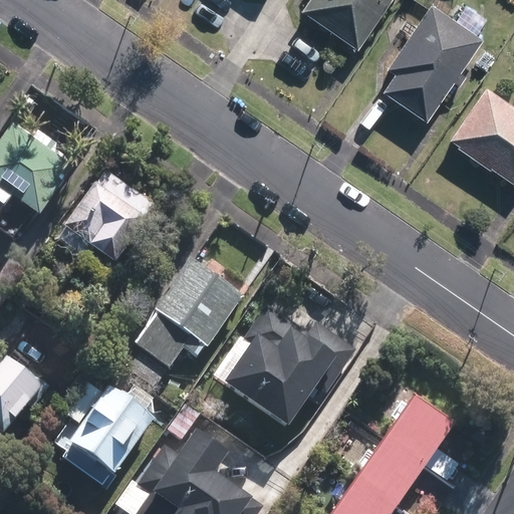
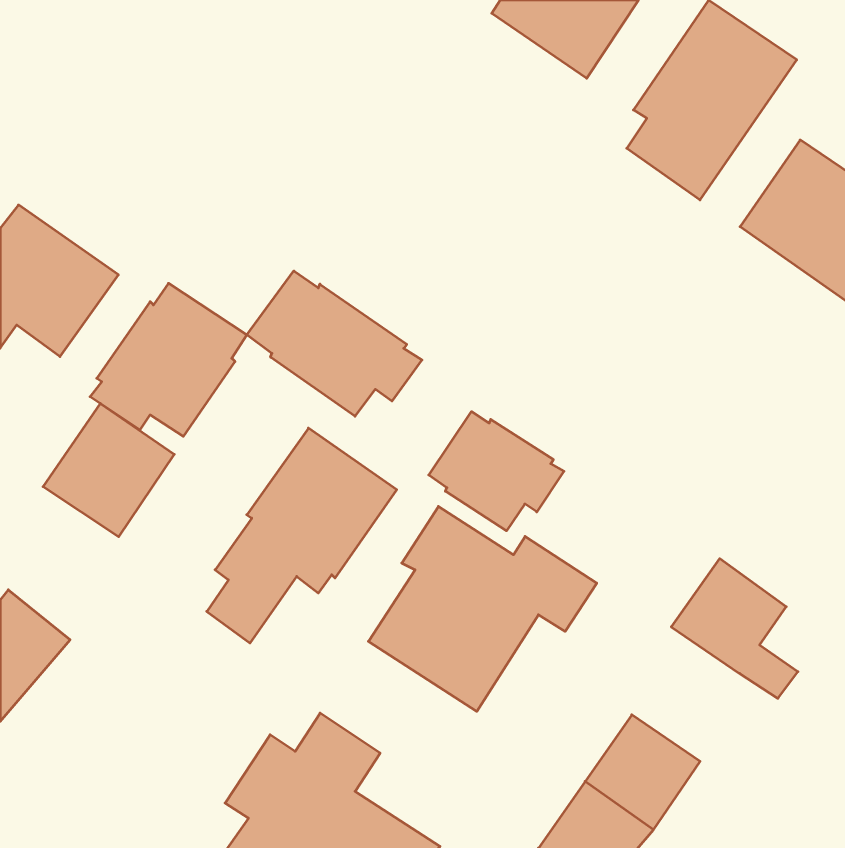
building: none -> [247,271,422,416]
building: none -> [43,403,174,537]
building: none -> [429,412,564,531]
building: [62,381,155,482] -> none
building: [384,392,461,476] -> [671,559,798,698]

